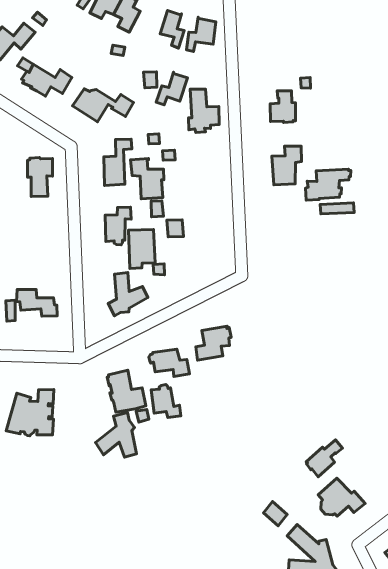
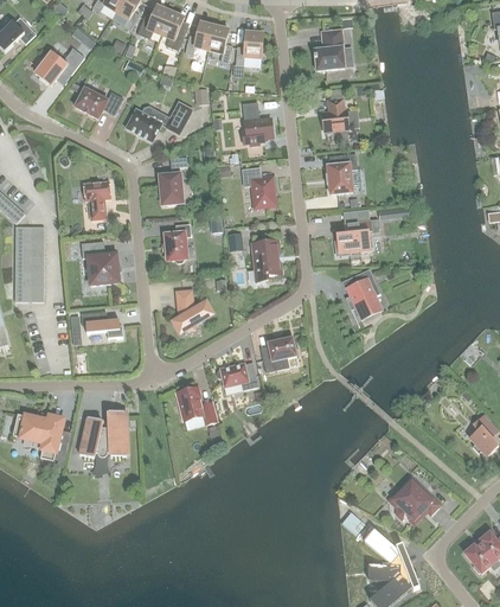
building: none -> [314,28,344,69]
building: [156,72,187,105] -> [185,20,214,53]
building: [131,159,164,199] -> [242,166,276,206]
building: [306,169,351,200] -> [335,219,379,253]
building: none -> [81,239,118,283]
building: [129,229,155,268] -> [252,239,281,280]
building: none -> [345,267,383,319]
building: [151,385,181,418] -> none
building: [95,413,137,457] -> none
building: [306,440,343,477] -> none

